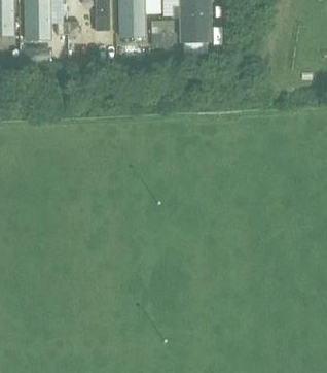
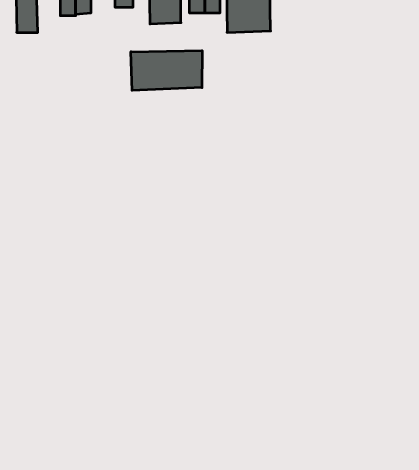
building: none -> [131,51,202,90]

